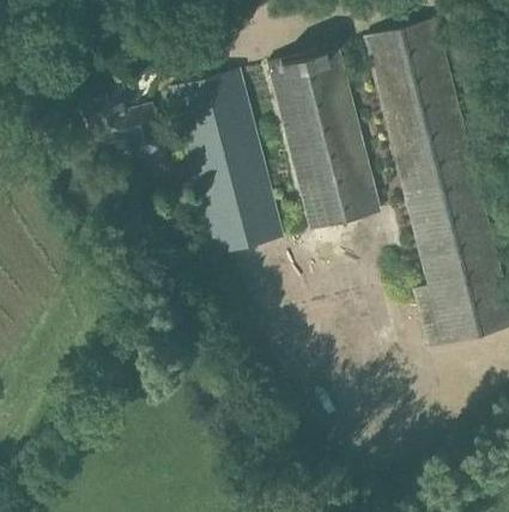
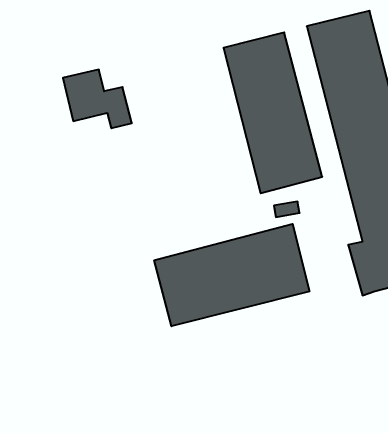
building: [170,69,285,256] -> none
building: none -> [154,224,309,326]

